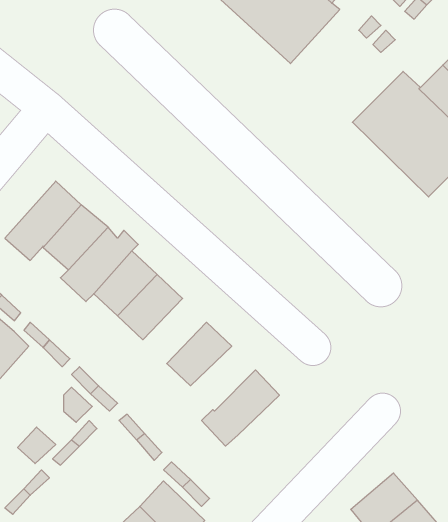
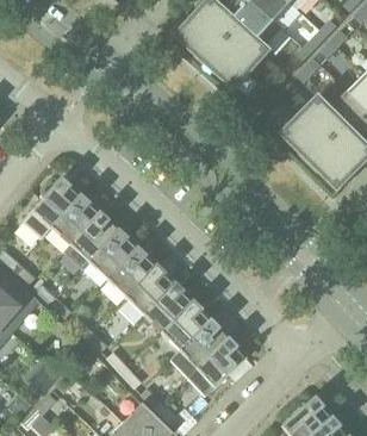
building: none -> [125,264,173,313]
building: none -> [161,300,210,349]
building: none -> [187,337,245,394]

